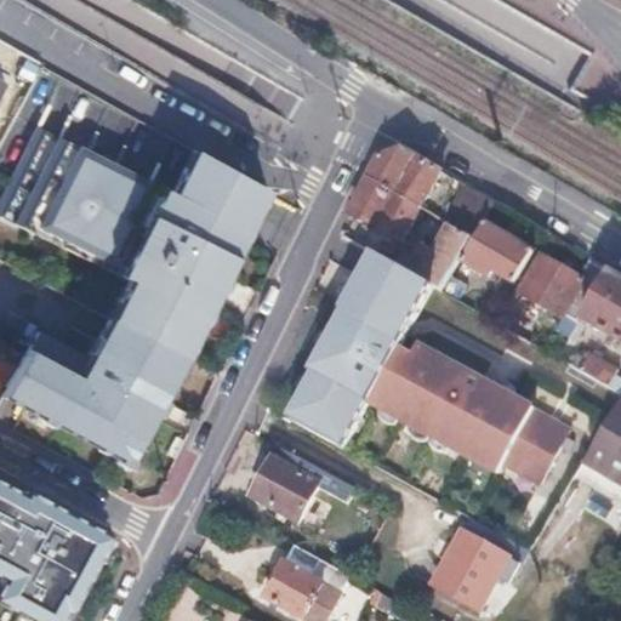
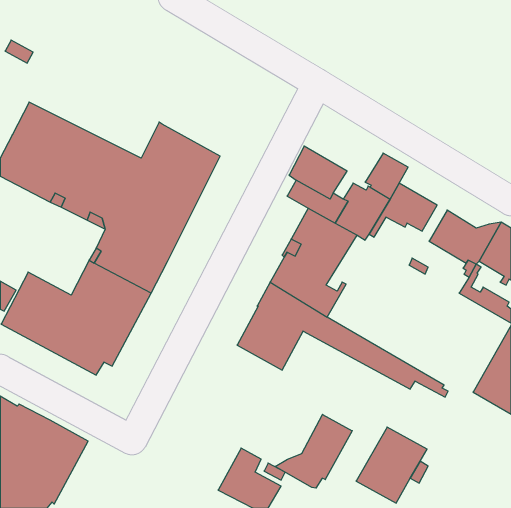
building: [369,149,441,207] -> none
building: [397,344,569,474] -> none
building: [250,457,320,523] -> none
building: none -> [275,414,352,488]

